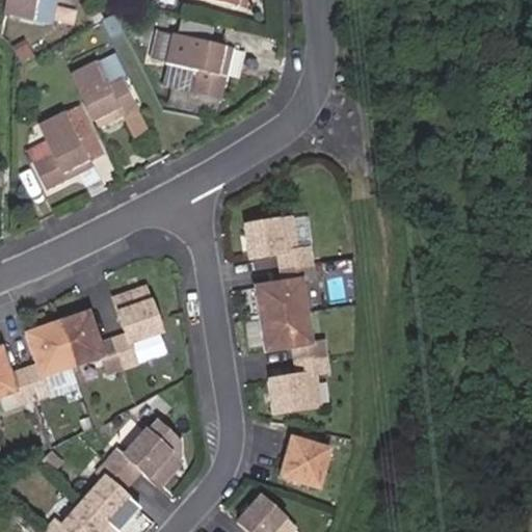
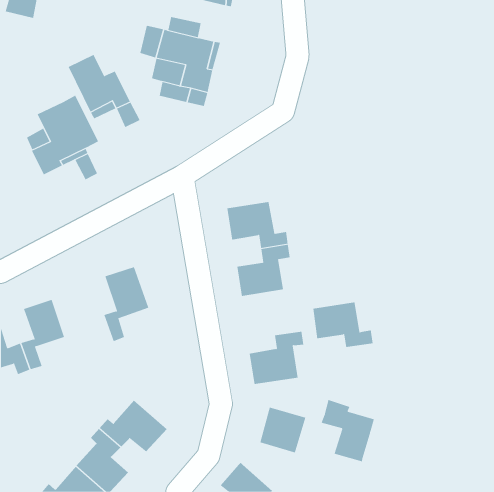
building: [57,311,123,371] -> none
building: [260,311,325,360] -> [313,302,374,347]
building: none -> [321,399,375,462]

